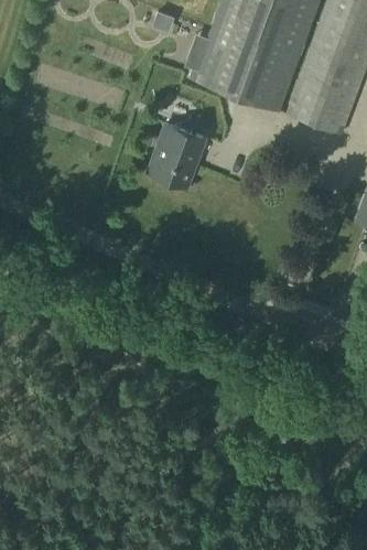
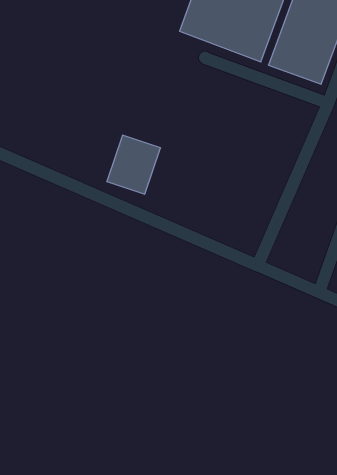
building: [148,122,204,184] -> [107,135,161,194]

